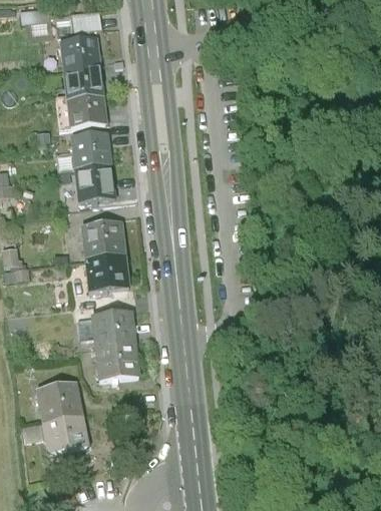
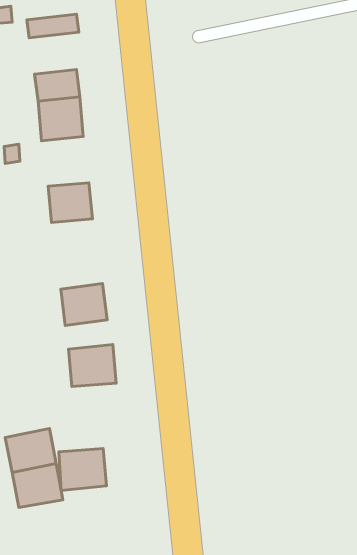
building: [59,37,99,67] -> none
building: [71,132,110,166] -> none
building: [80,219,122,258] -> none
building: [95,341,137,378] -> [59,449,106,490]

